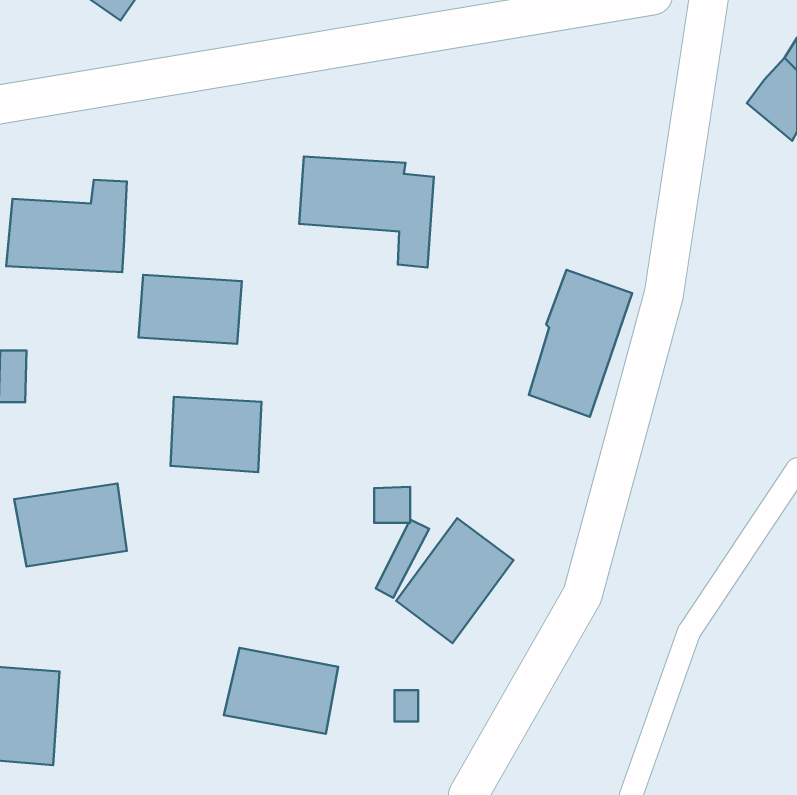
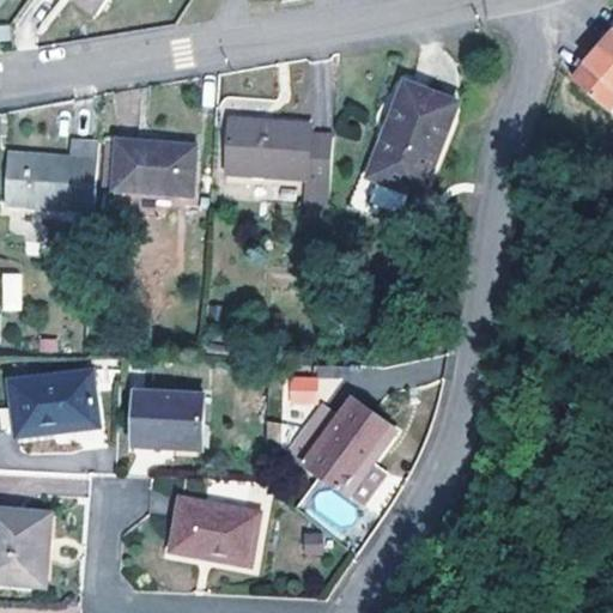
building: [529,270,632,417] -> [372,80,451,193]
building: [139,275,242,344] -> [115,141,194,194]
building: [171,397,261,472] -> [132,389,201,447]

